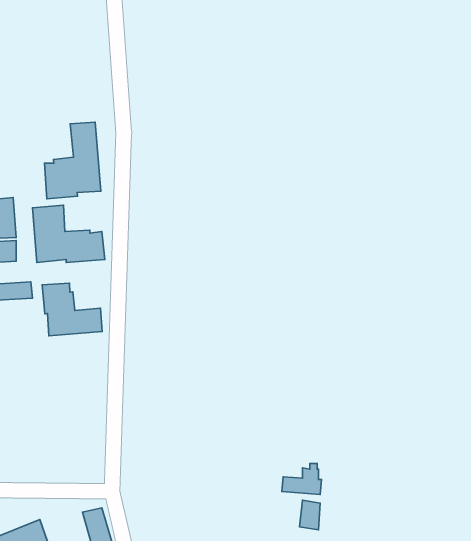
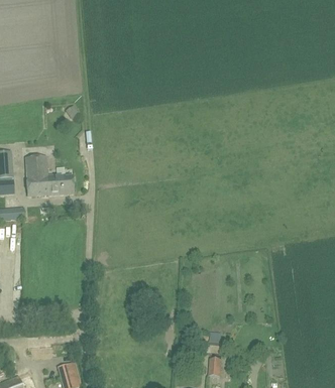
building: [44,122,101,199] -> none
building: [42,283,102,336] -> none

